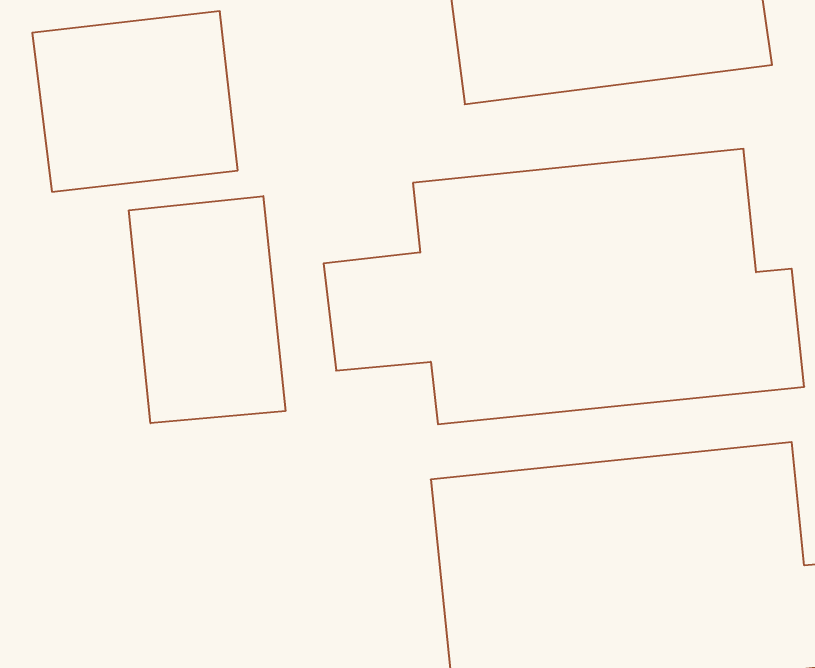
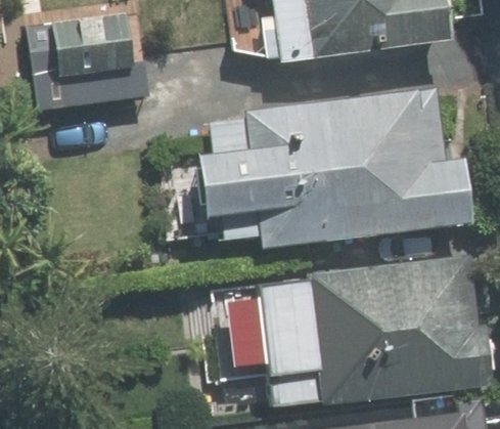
building: [129,196,285,423] -> none

